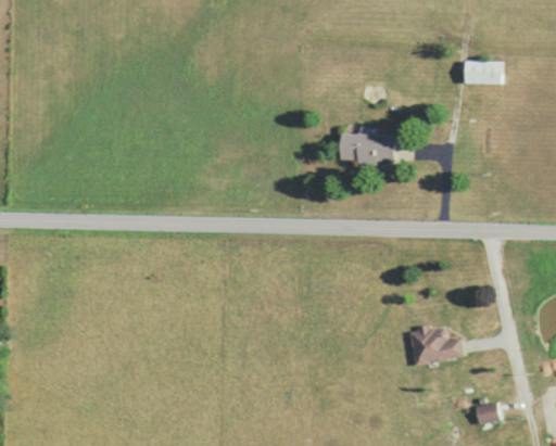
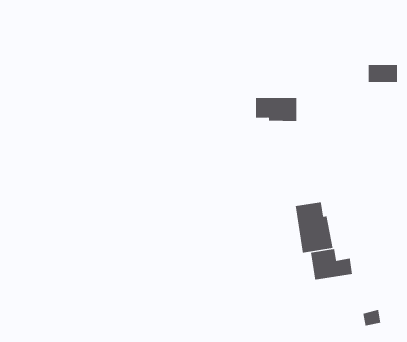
building: [465,61,503,84] -> [368,65,398,83]
building: none -> [295,201,333,253]

